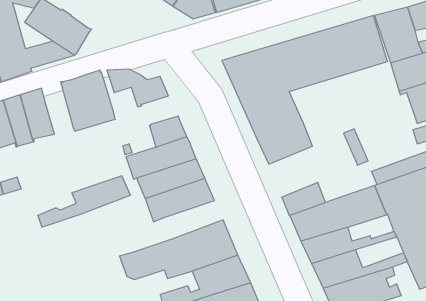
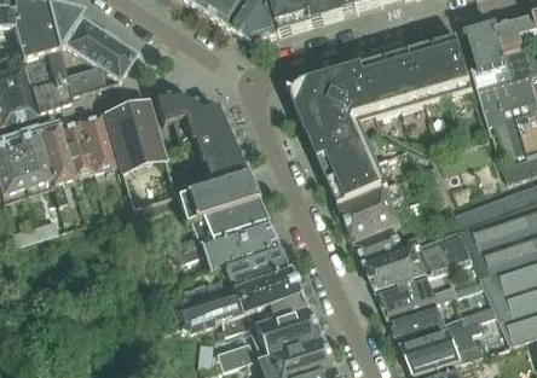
building: none -> [82,111,119,169]
building: none -> [194,126,237,161]
building: none -> [337,179,404,240]
building: [38,176,131,227] -> [183,244,288,302]

